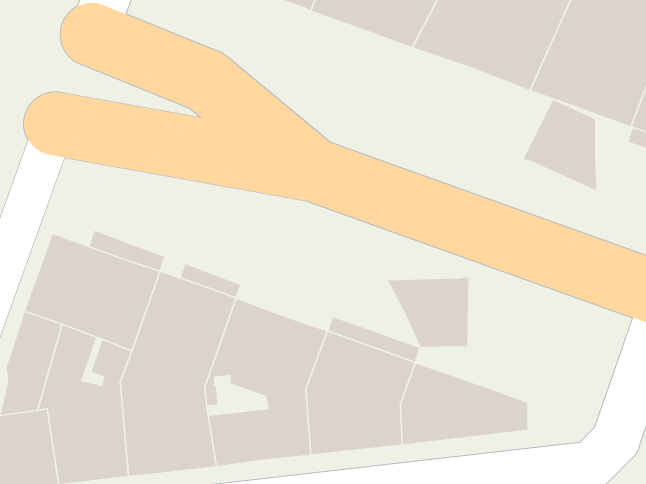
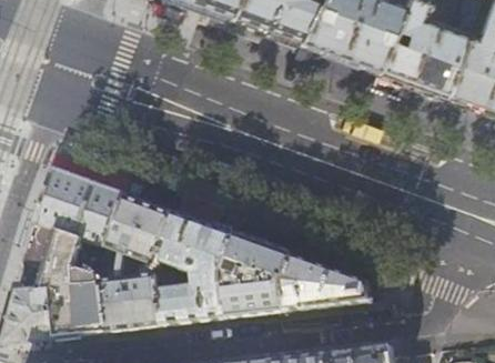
building: [523,99,597,191] -> none
building: [387,276,469,347] -> none

